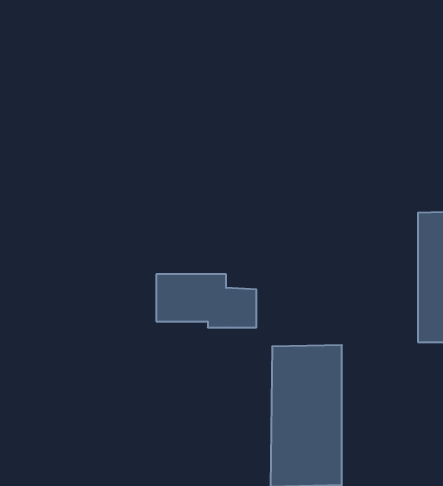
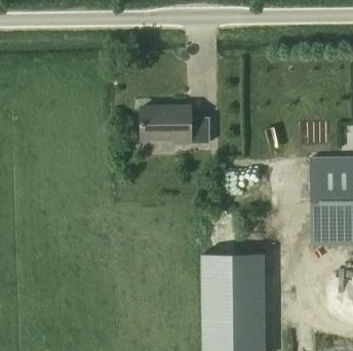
building: [156,274,256,327] -> [143,108,210,144]

